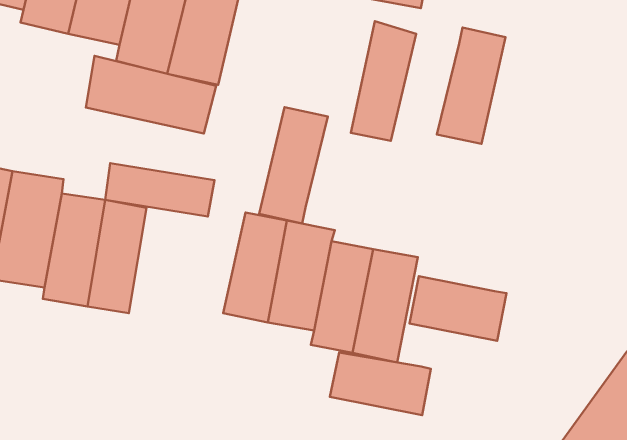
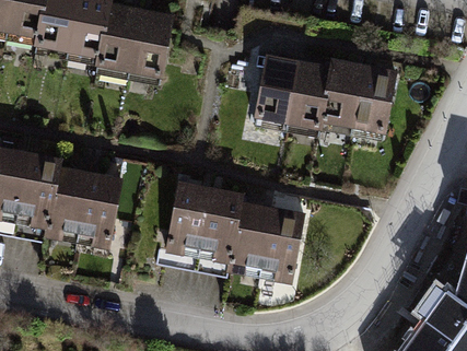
building: none -> [349,61,395,141]
building: [86,56,216,133] -> none
building: [259,107,328,224] -> [287,59,334,139]
building: [105,163,215,216] -> none
building: [410,276,506,341] -> none
building: [330,353,431,415] -> none

